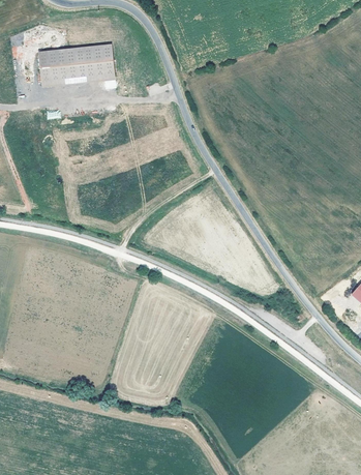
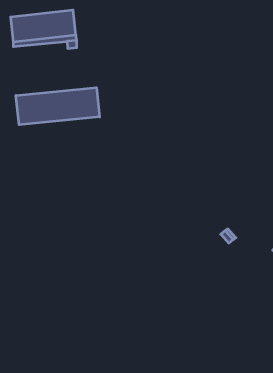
building: none -> [16,88,100,125]

